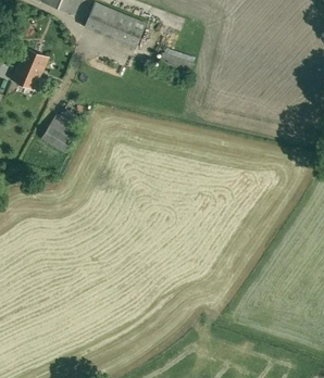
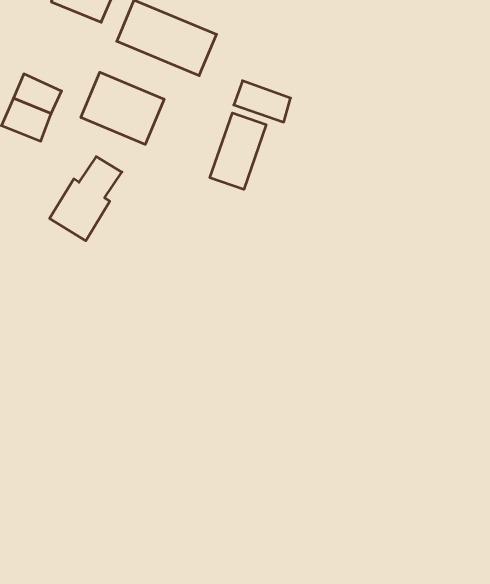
building: none -> [81,72,164,144]
building: none -> [210,113,266,189]

